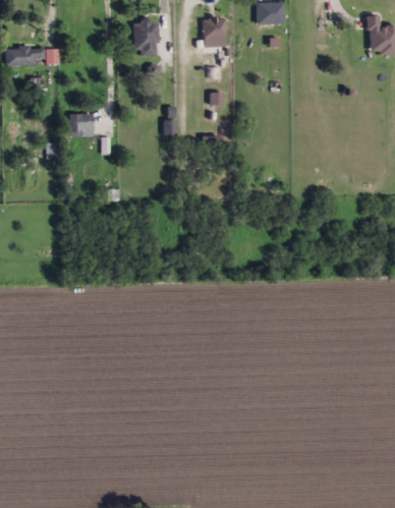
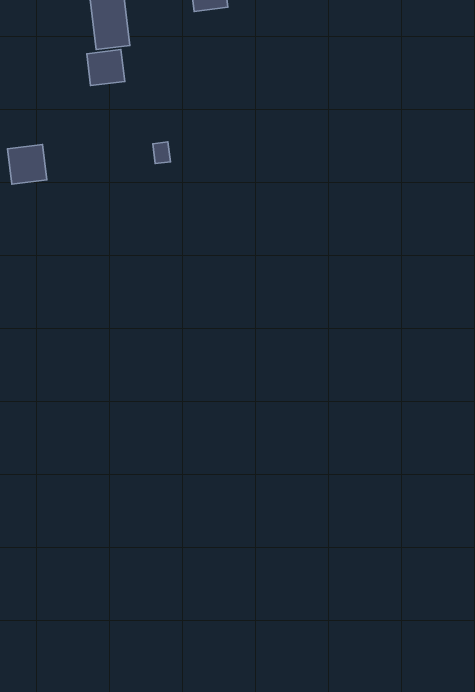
building: none -> [87,50,125,86]

